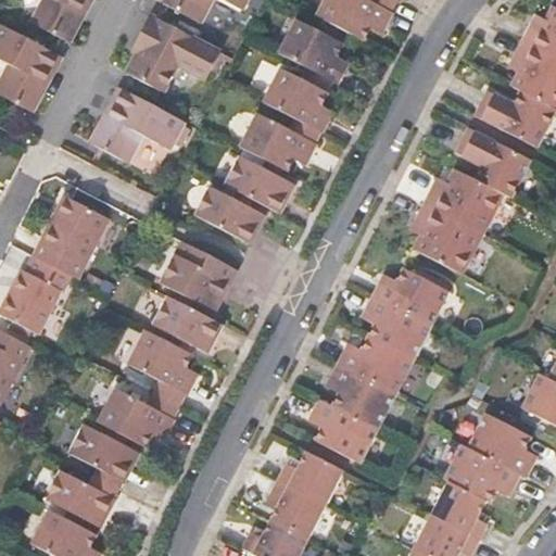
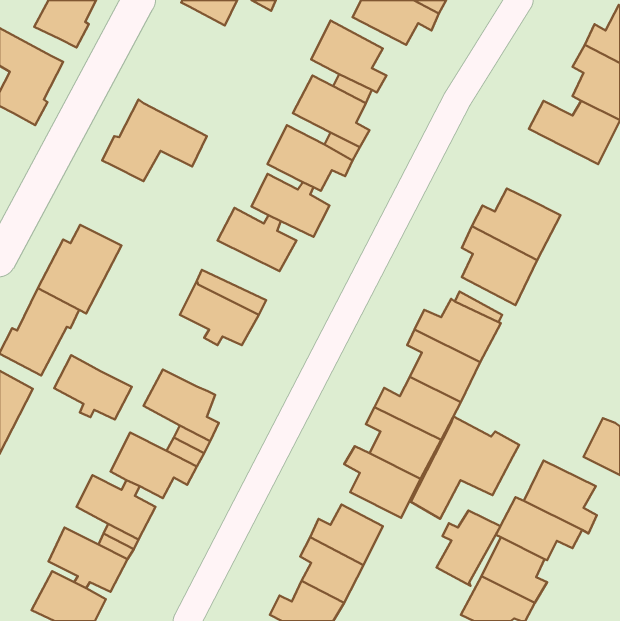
building: [126,17,222,92] -> none
building: [454,127,528,195] -> none
building: [153,294,223,352] -> [54,355,132,420]
building: none -> [411,417,519,519]
building: none -> [436,511,500,586]

